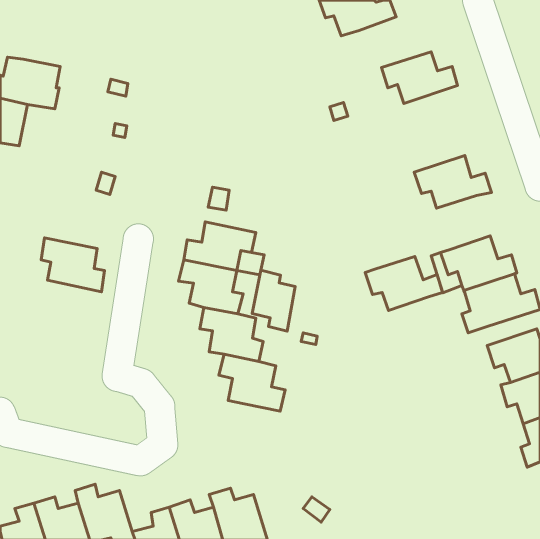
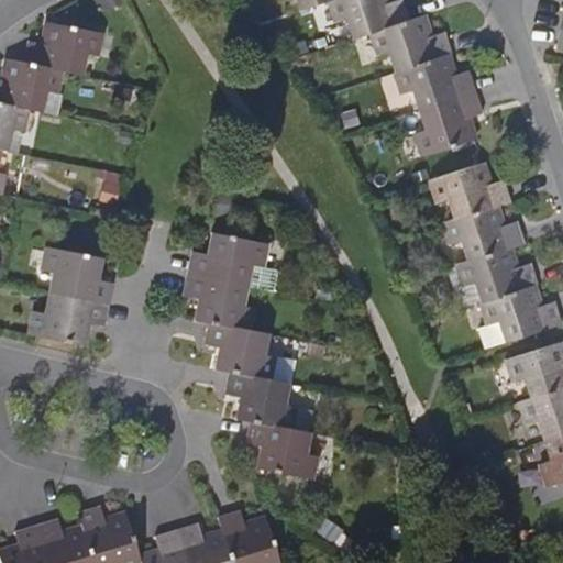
building: none -> [374,15,454,71]
building: none -> [24,22,101,75]
building: none -> [417,90,484,154]
building: [365,257,442,311] -> [444,205,525,261]
building: [252,270,295,331] -> none
building: none -> [29,292,106,345]
building: none -> [250,421,318,478]

